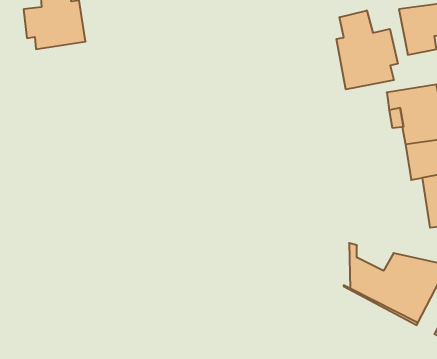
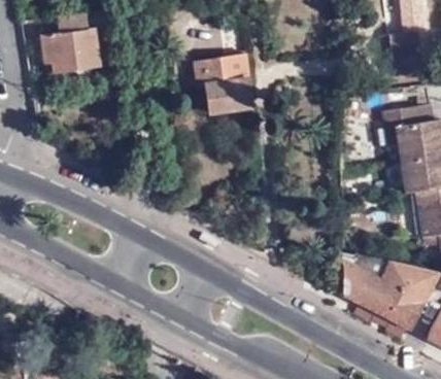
building: [336,10,398,89] -> none
building: none -> [197,53,253,114]

